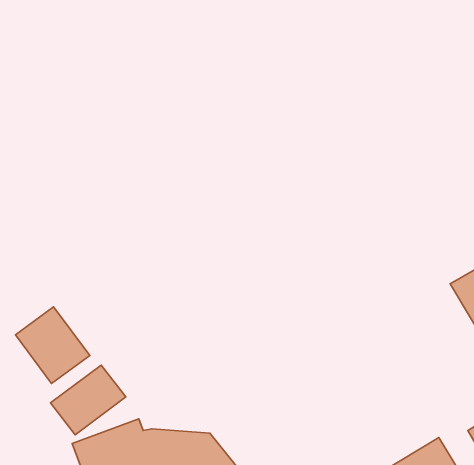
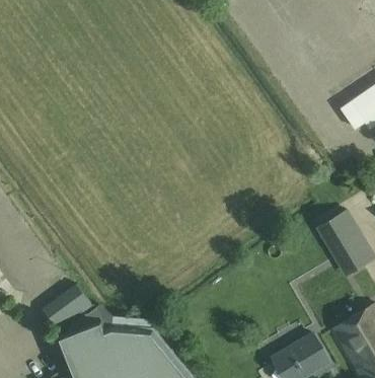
building: [15,307,90,384] -> none

